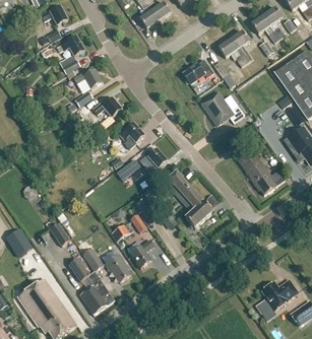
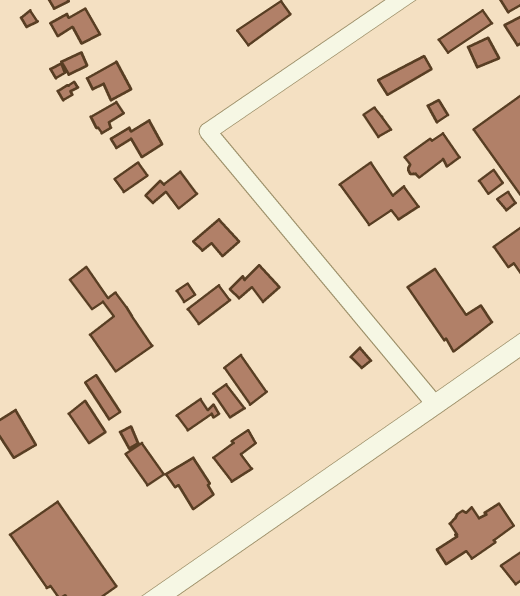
building: [182,60,212,84] -> [405,133,460,177]
building: [168,172,212,228] -> none
building: [68,258,114,316] -> [70,267,152,371]

